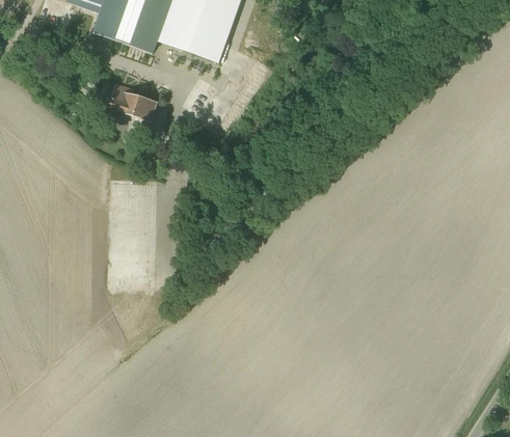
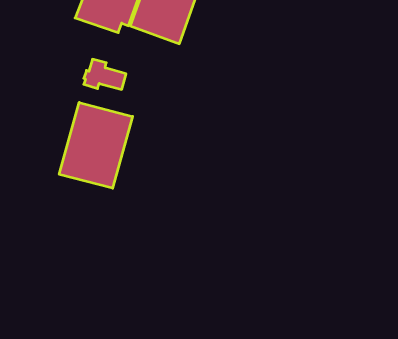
building: none -> [59,102,133,188]

